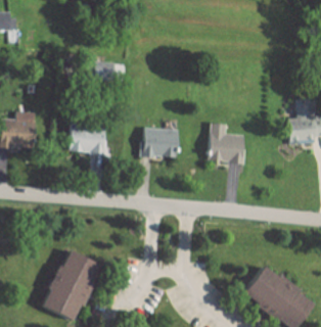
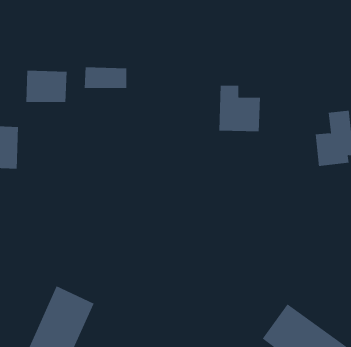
building: [210,125,245,165] -> [219,85,261,132]
building: [70,127,105,154] -> [25,70,67,103]
building: [143,129,179,158] -> none

